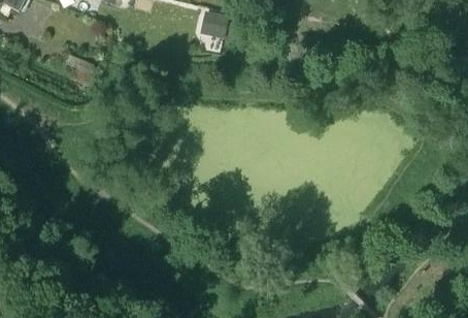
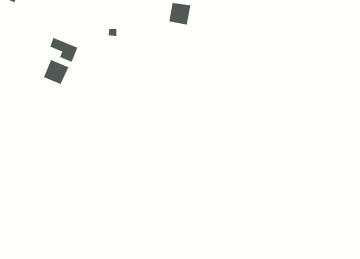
building: none -> [43,59,69,85]

